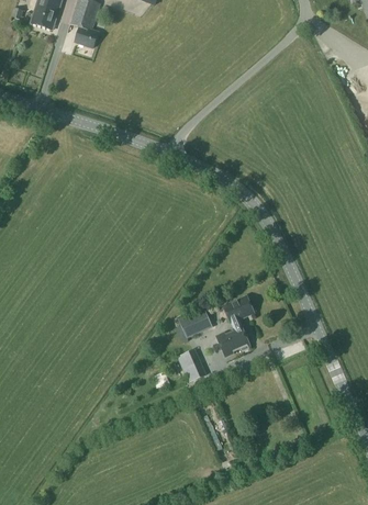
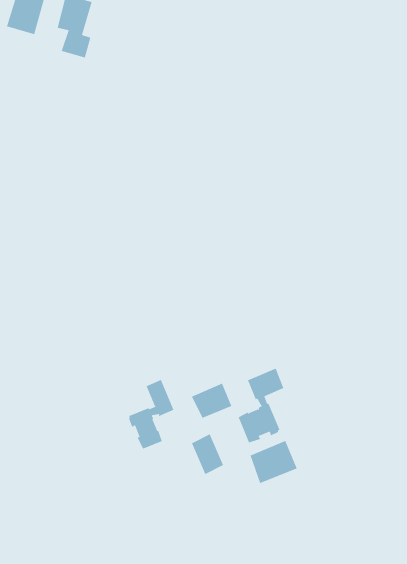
building: none -> [128,379,174,450]
building: none -> [250,440,298,484]

